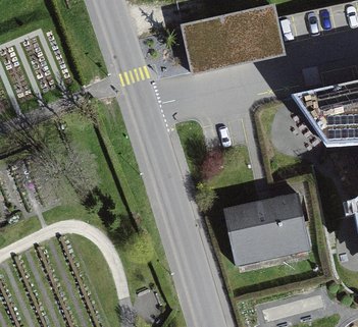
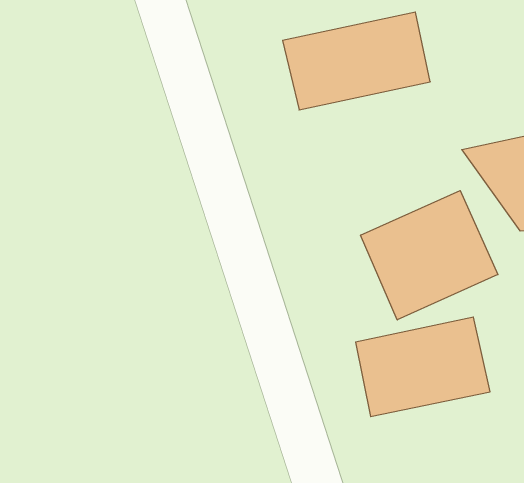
building: none -> [361,191,498,320]

